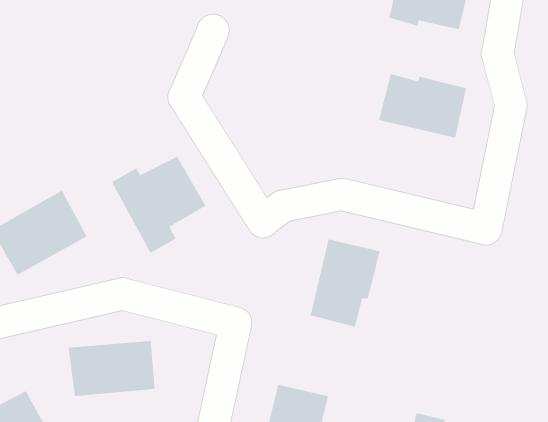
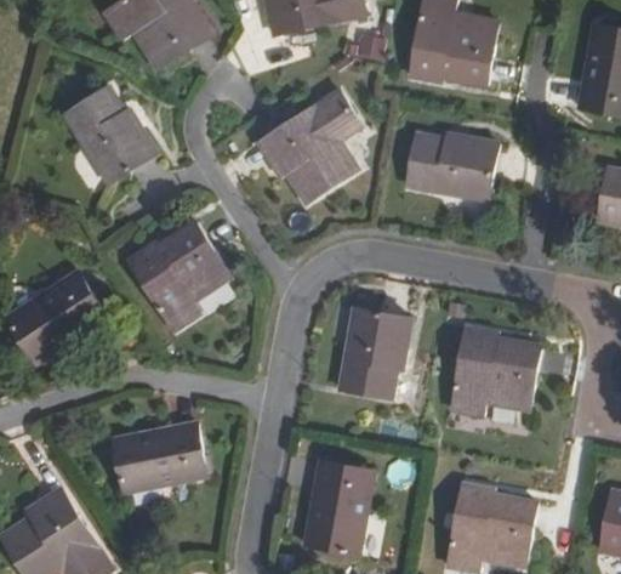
building: none -> [69,84,159,182]
building: none -> [261,91,361,203]
building: none -> [452,328,537,415]

